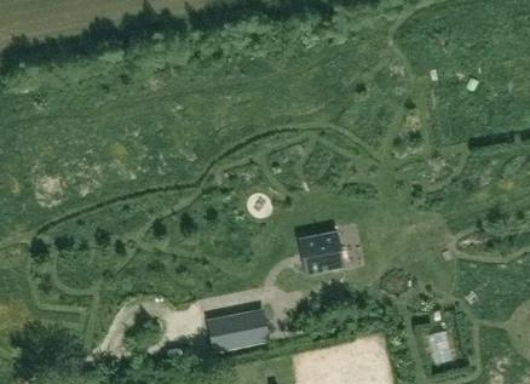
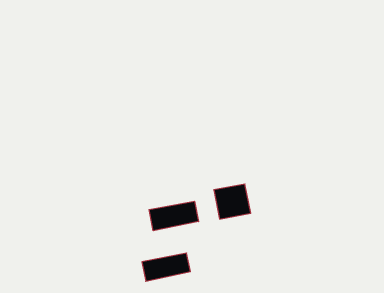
building: none -> [149,201,199,231]

